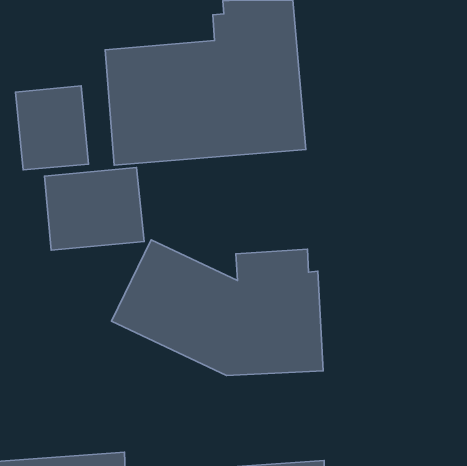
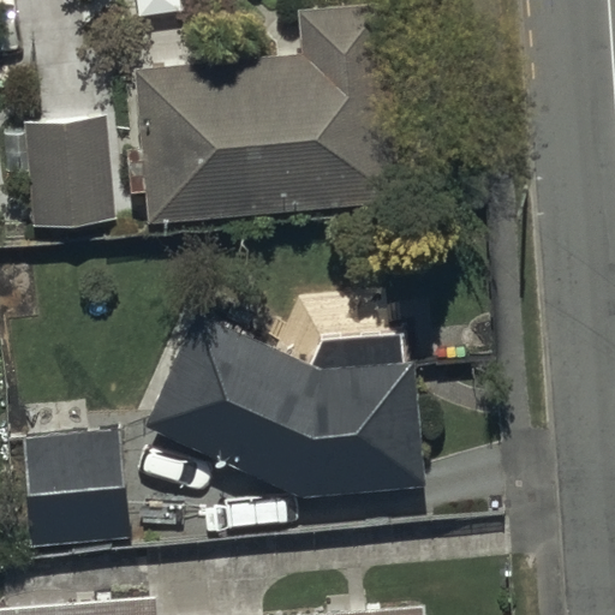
building: [45,168,144,250] -> none
building: none -> [19,434,127,550]

